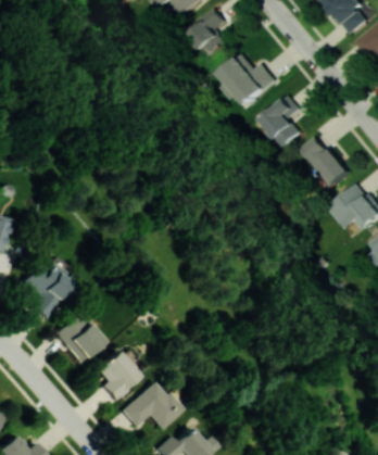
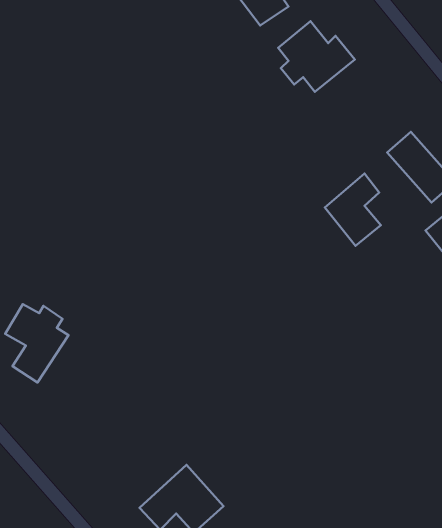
building: [260,94,301,148] -> [325,173,381,246]
building: [51,313,99,363] -> none
building: [92,352,136,400] -> none

